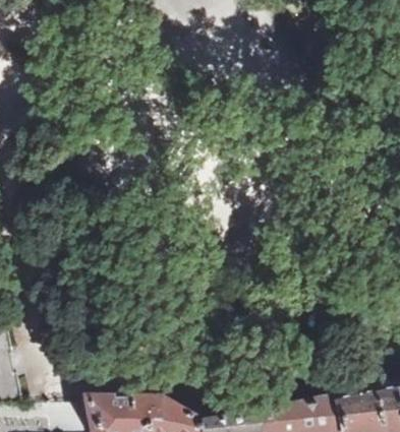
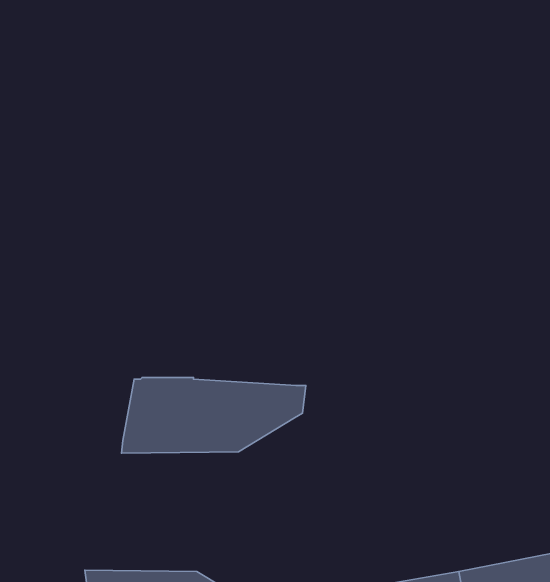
building: none -> [121,378,306,453]

